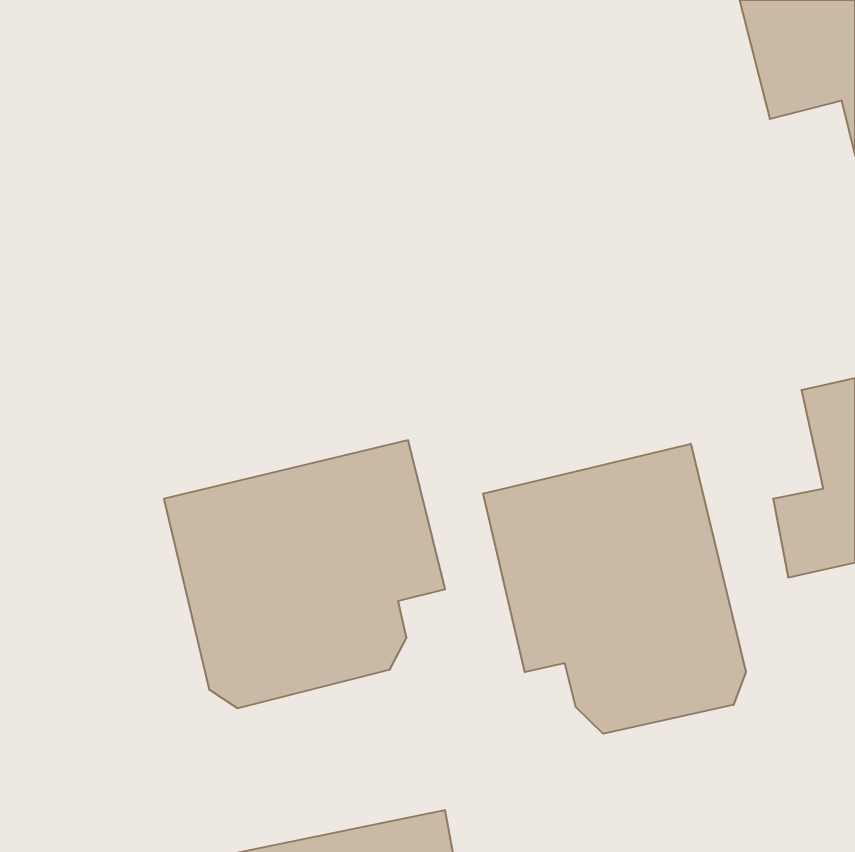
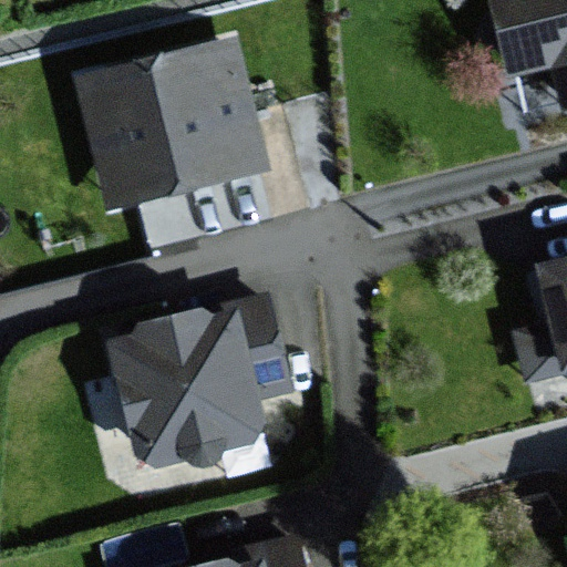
building: none -> [82,43,264,205]
building: [483,444,746,734] -> none

